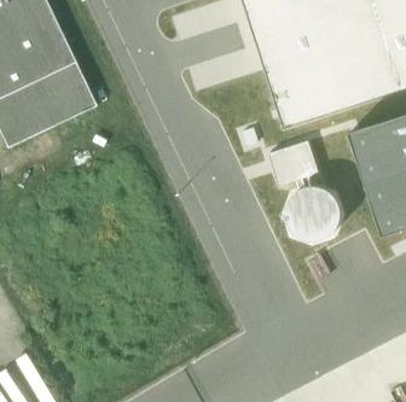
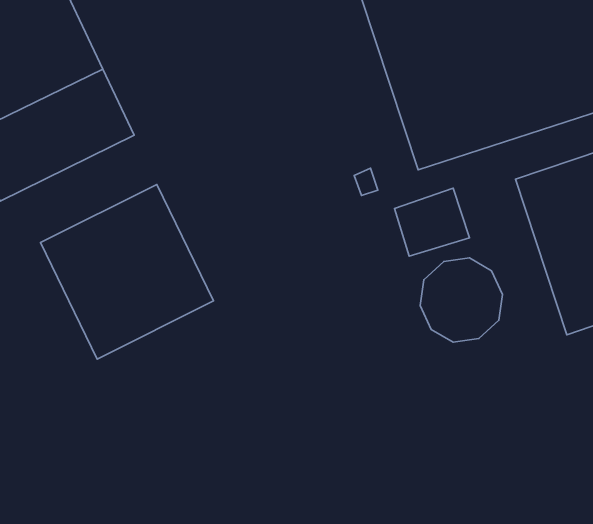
building: none -> [40,184,214,359]

